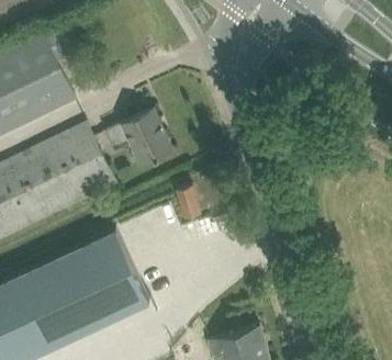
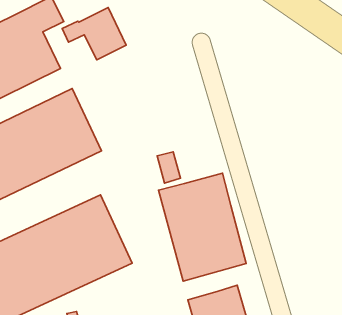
building: [104,110,171,165] -> [62,7,126,60]
building: none -> [159,173,246,281]

